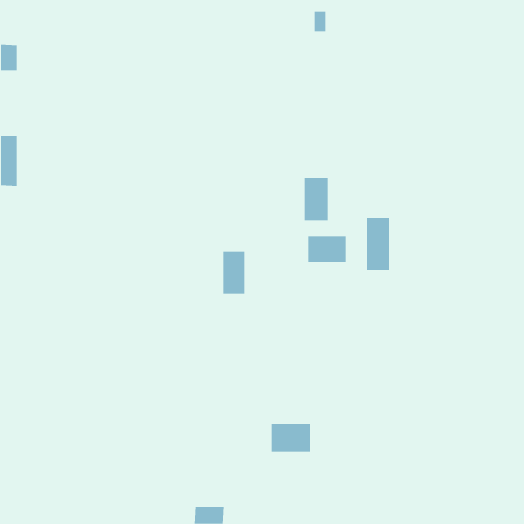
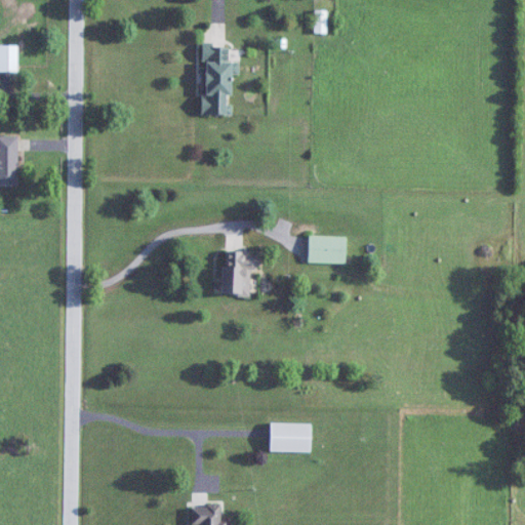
building: none -> [202,43,239,114]
building: [304,177,328,221] -> none
building: [366,217,390,271] -> none

